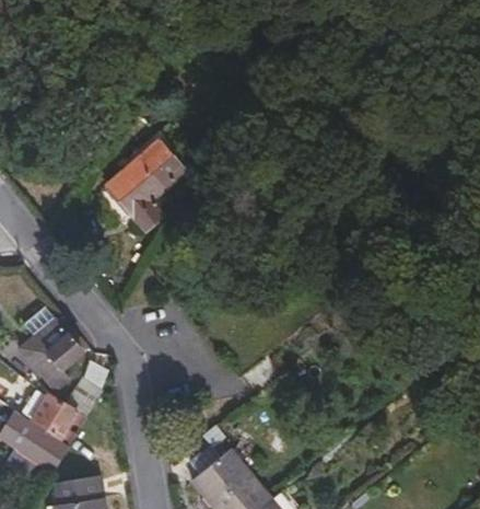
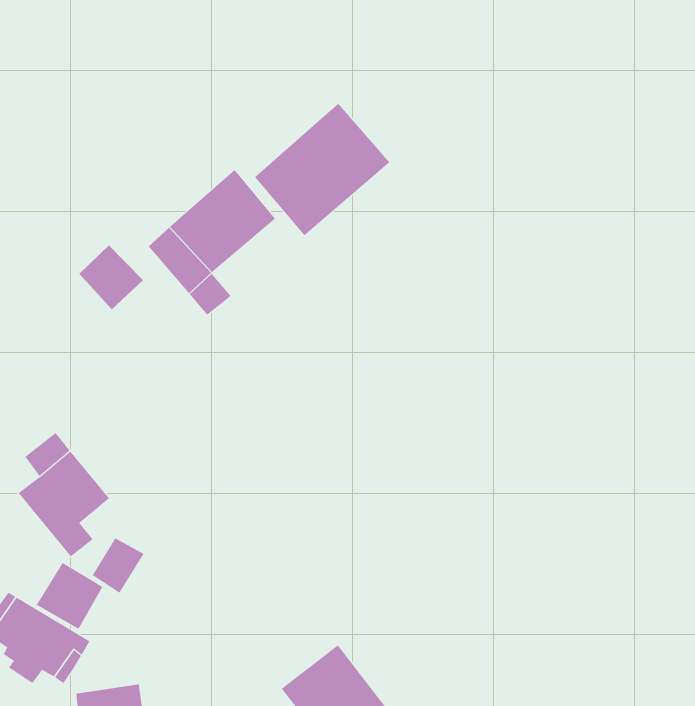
building: none -> [254,103,390,236]
building: none -> [78,245,144,310]

